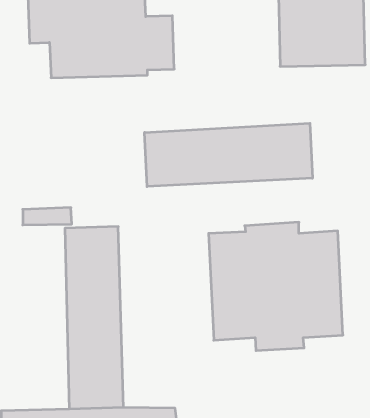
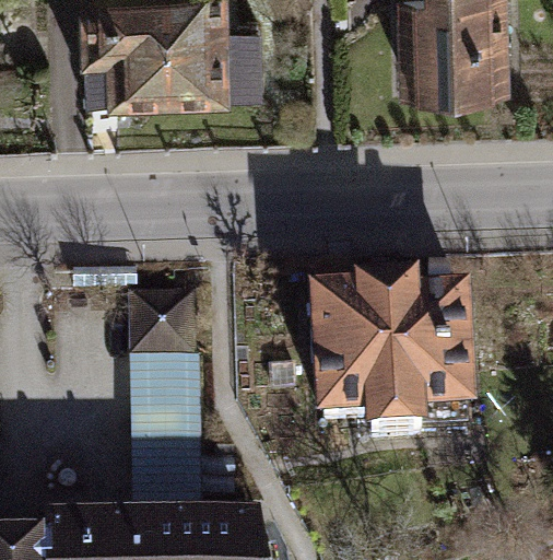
building: [145,123,312,187] -> none

